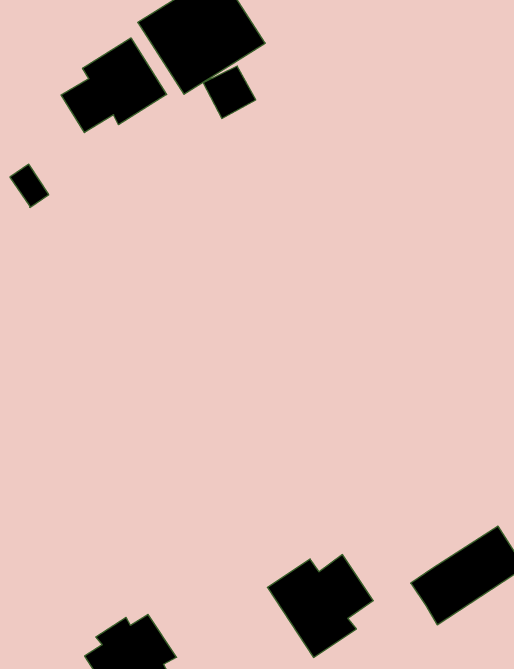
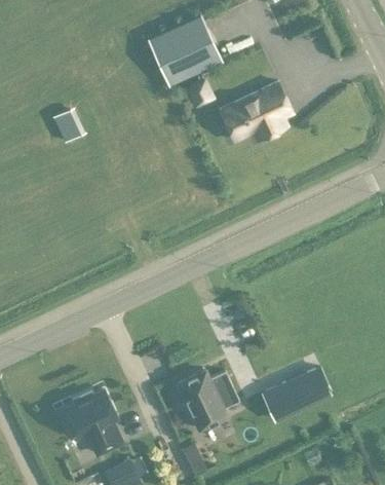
building: [61,38,167,133] -> none
building: none -> [218,82,293,141]

